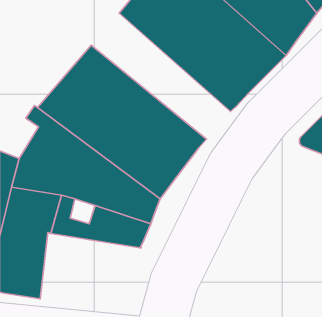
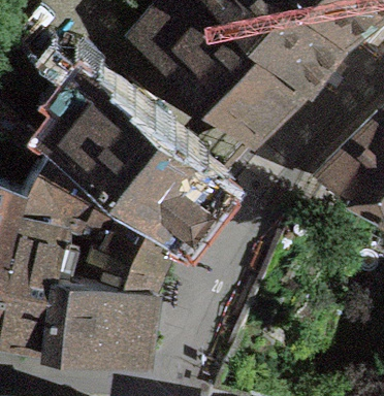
building: none -> [44,278,153,364]

